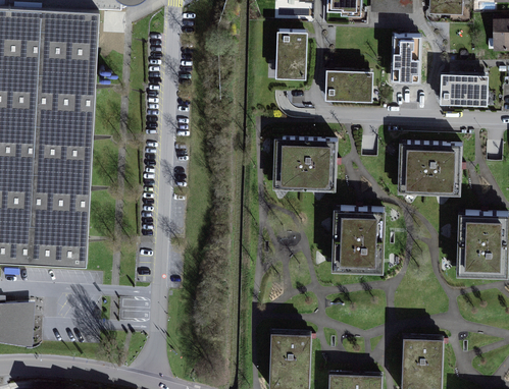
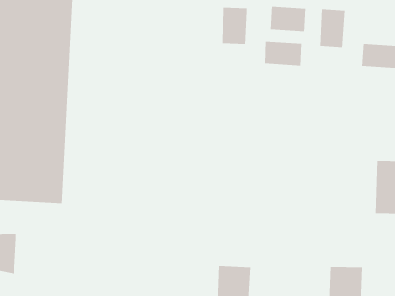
building: none -> [270,6,306,32]
building: [271,138,335,189] -> none
building: [399,144,460,191] -> none
building: [330,207,381,268] -> none

